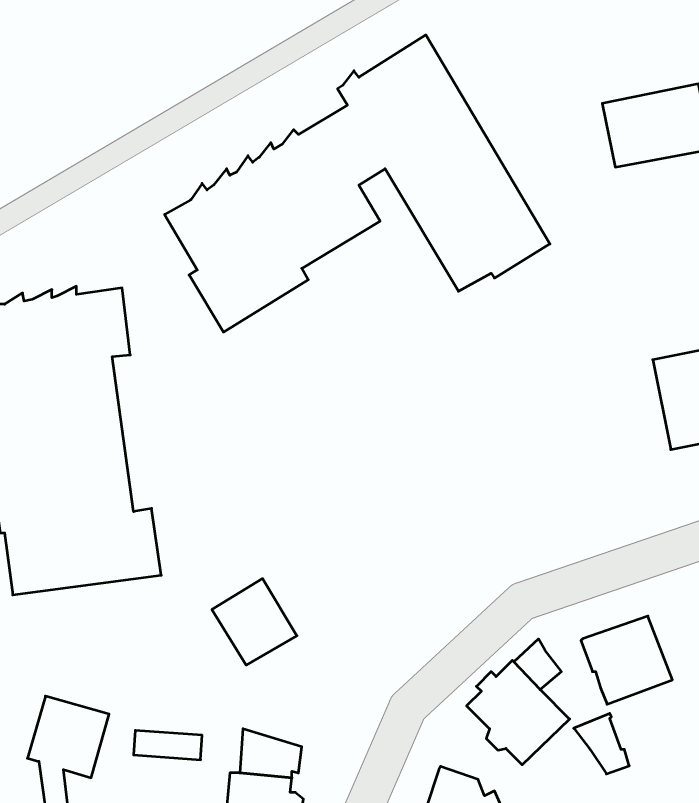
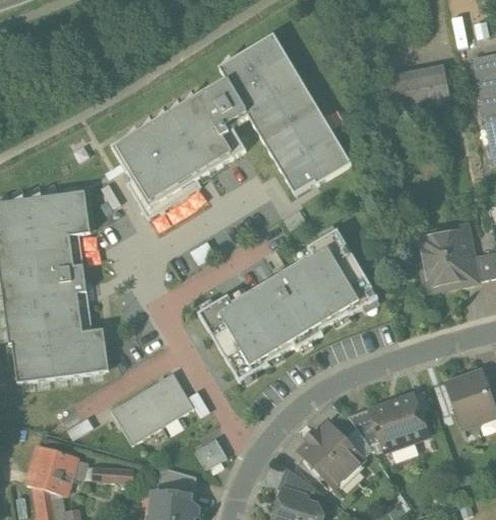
building: none -> [198,228,379,380]
building: none -> [111,390,163,443]
building: none -> [193,434,226,466]
building: [574,713,629,774] -> [349,406,383,444]
building: none -> [277,465,316,496]

